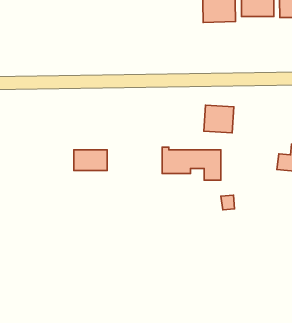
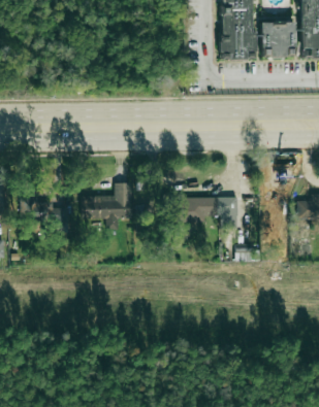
building: [204,105,234,133] -> none
building: none -> [24,197,70,233]

